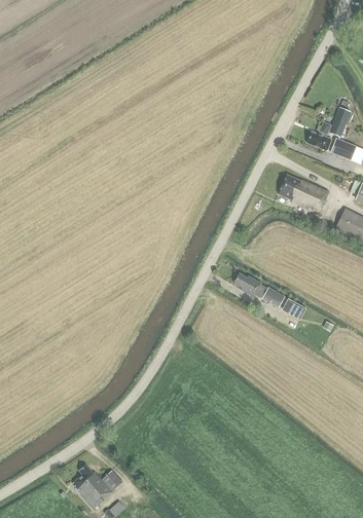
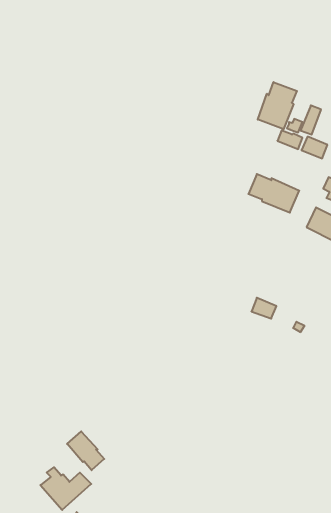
building: none -> [258,82,297,129]
building: [233,272,284,306] -> none
building: none -> [67,431,104,470]

